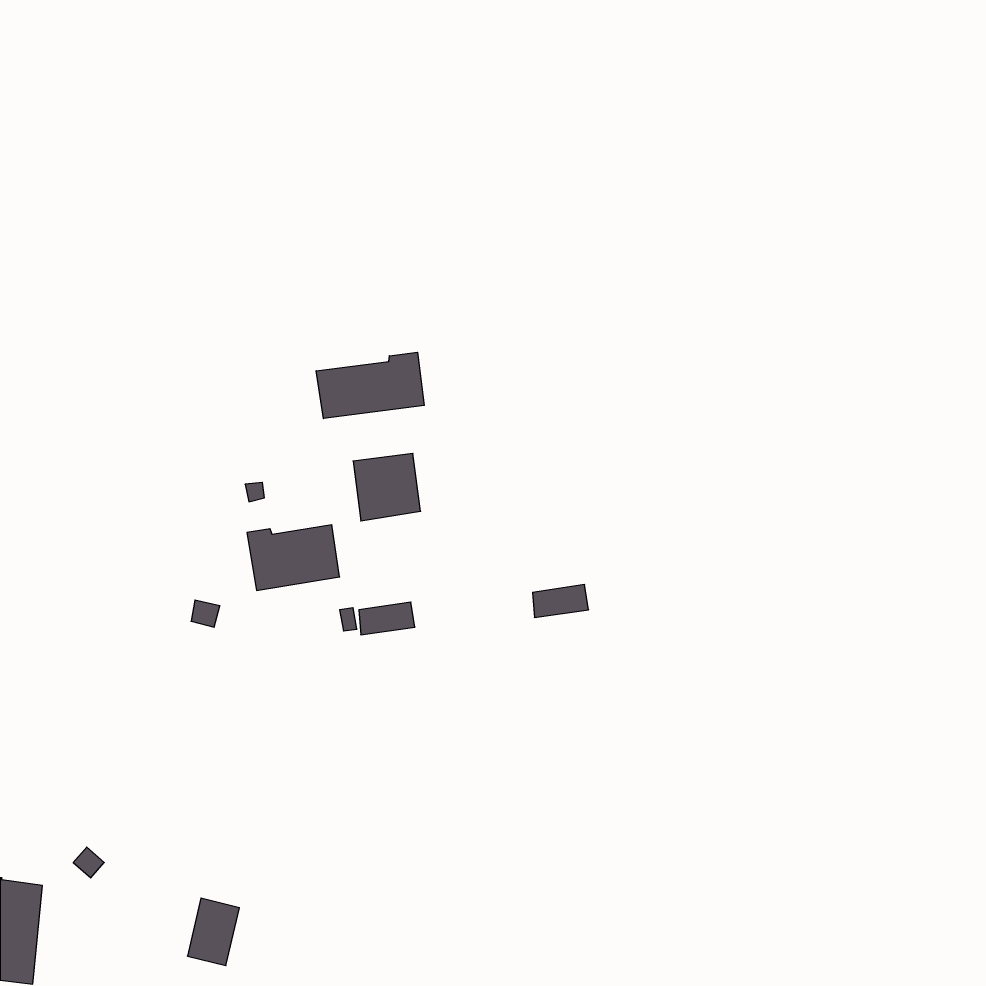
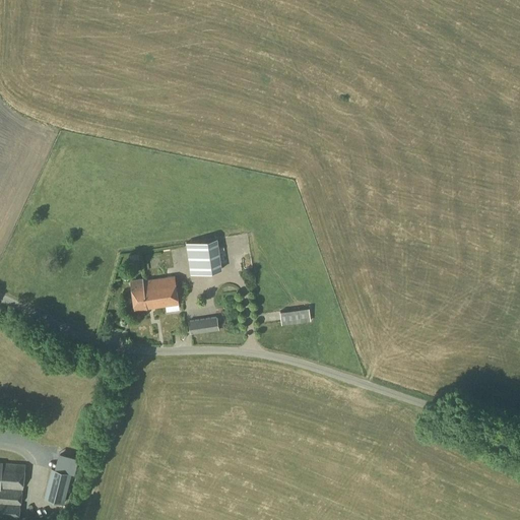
building: [316,352,424,419] -> none
building: [187,898,239,966] -> [44,467,71,503]

